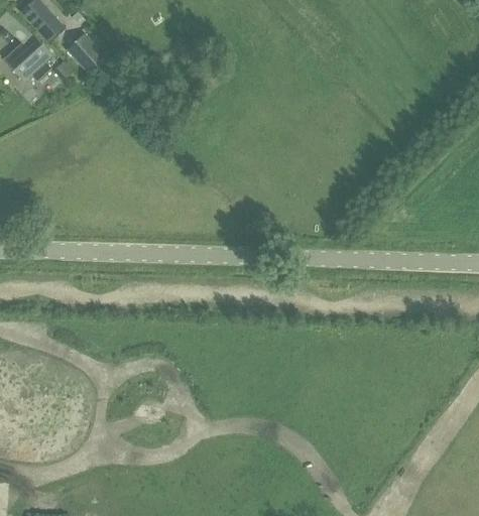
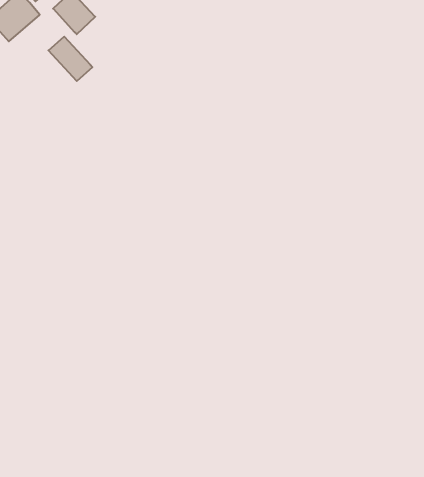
building: none -> [48,37,92,81]

